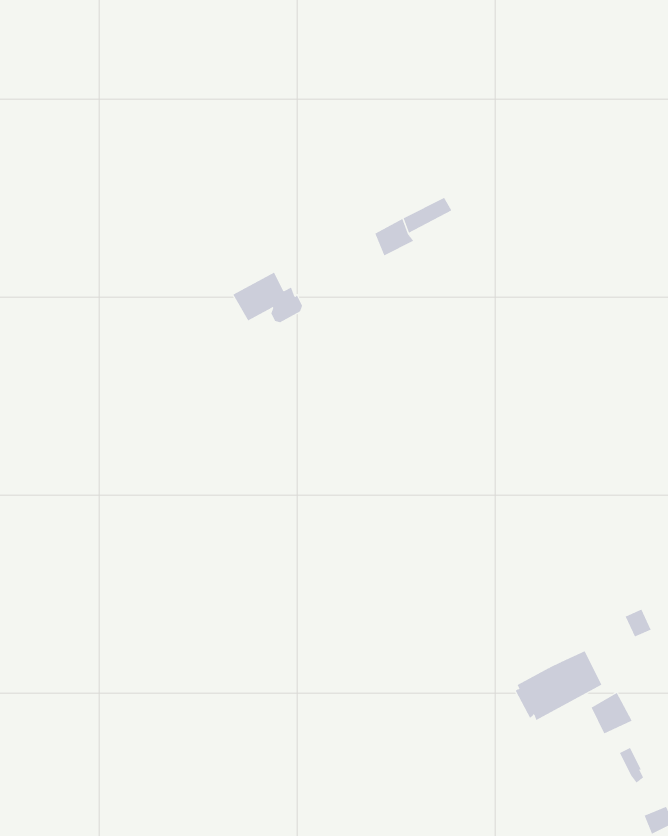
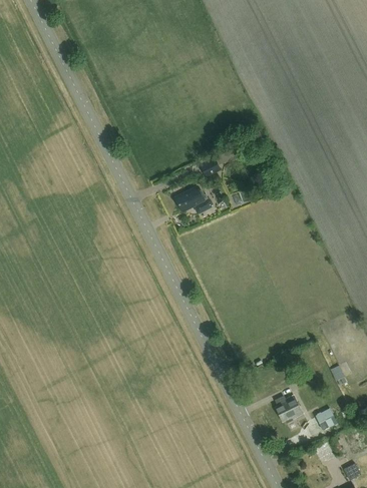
building: [233,272,303,323] -> [173,185,211,212]

